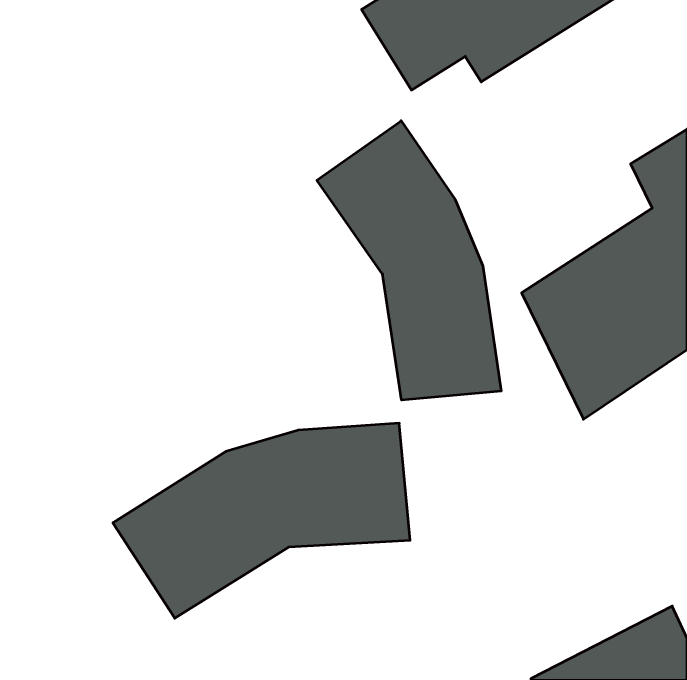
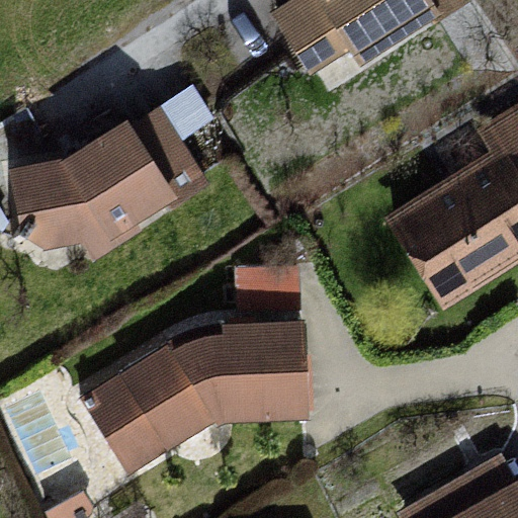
building: [317,121,501,400] -> none
building: none -> [10,109,208,261]

